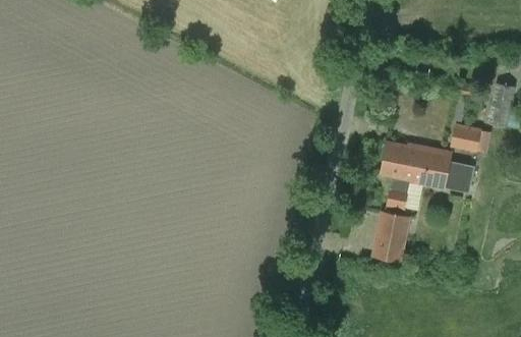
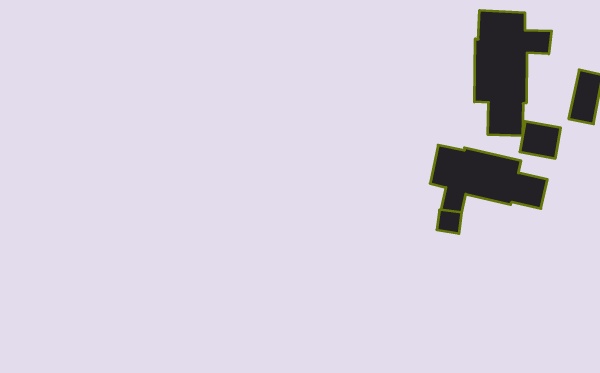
building: none -> [474,10,552,136]
building: [371,212,410,263] -> none

